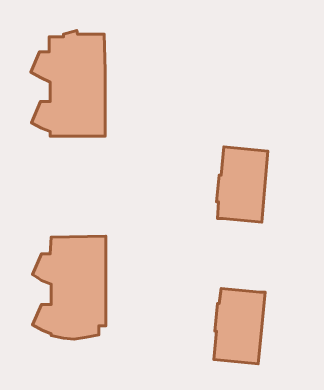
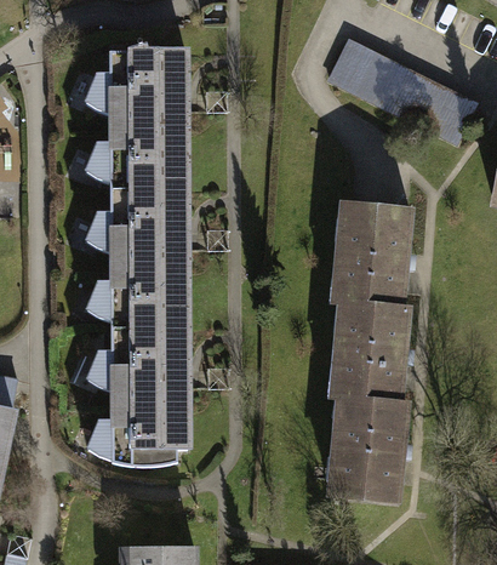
building: none -> [331,44,475,141]
building: none -> [87,189,188,327]
building: none -> [338,302,409,403]

